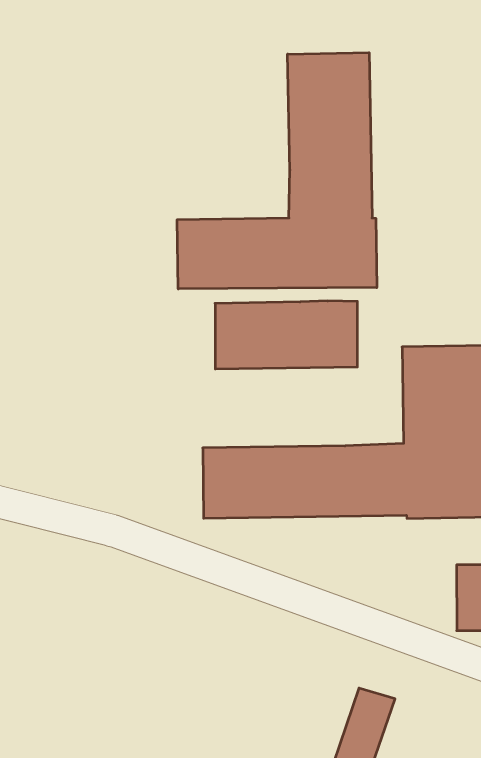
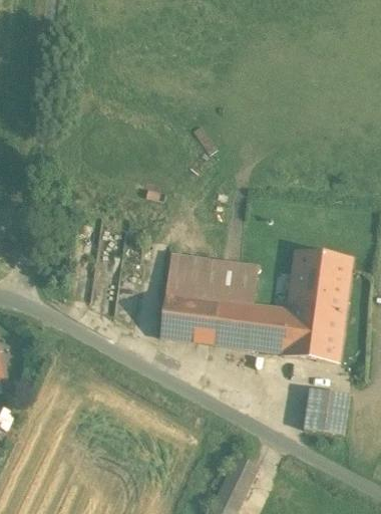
building: [177,53,377,289] -> none
building: [215,301,357,369] -> [165,253,259,305]

